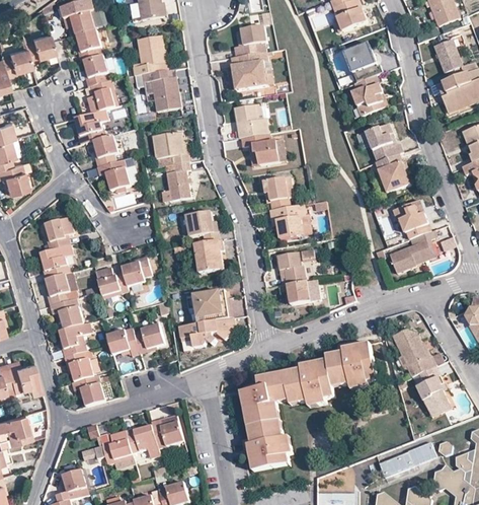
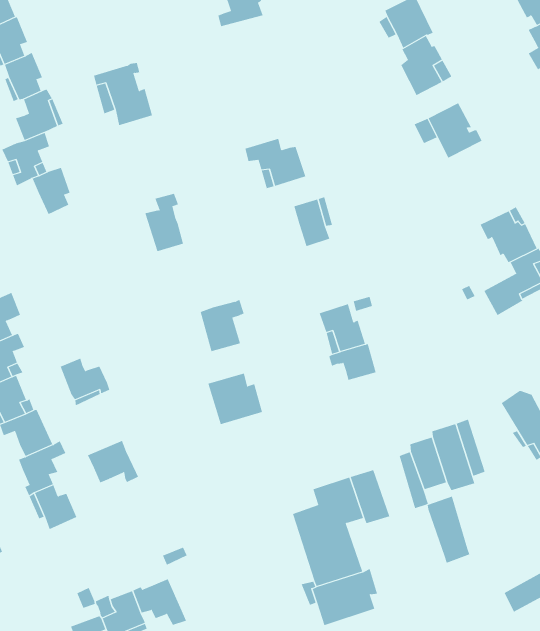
building: [133,37,167,76] -> none
building: [229,49,265,87] -> none
building: [234,105,268,139] -> none
building: [153,132,189,165] -> none
building: [380,154,414,194] -> none
building: [95,159,130,190] -> none
building: [275,205,306,239] -> none
building: [186,211,221,243] -> none
building: [121,259,151,286] -> none
building: [179,318,235,348] -> none
building: [134,323,164,350] -> none
building: [301,361,326,407] -> [427,496,470,563]
building: [71,374,104,406] -> none
building: [150,414,183,448] -> none

